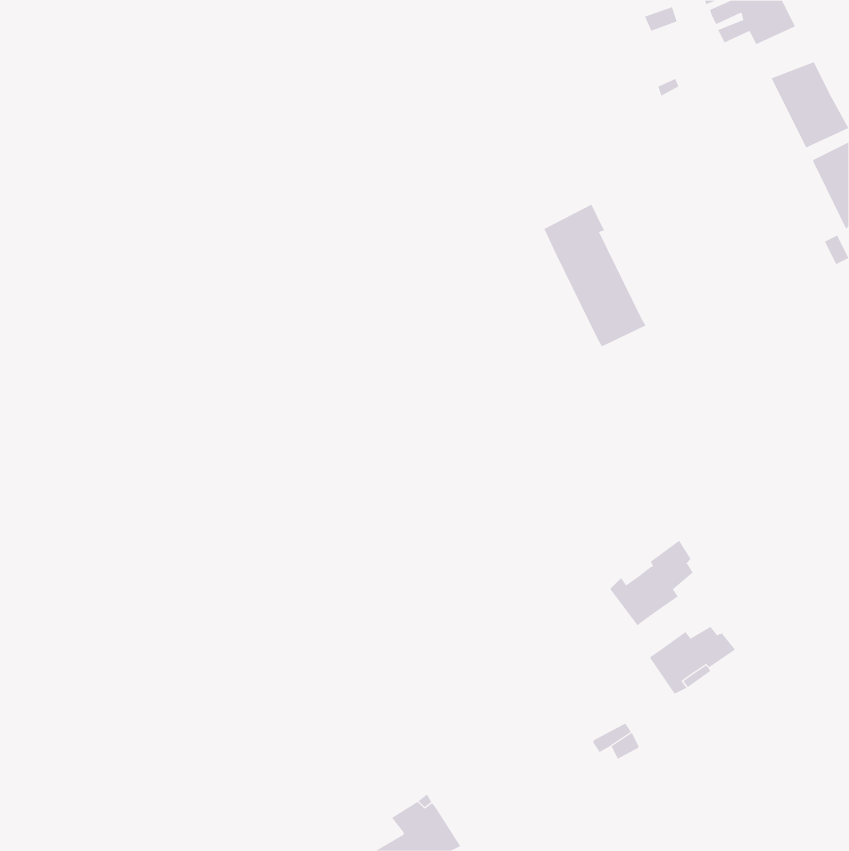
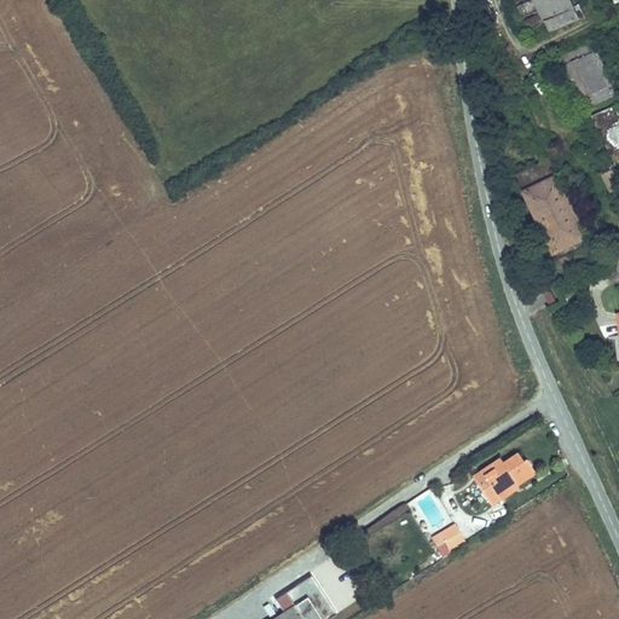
building: [543,204,647,347] -> [514,156,589,260]
building: [609,540,693,626] -> none

